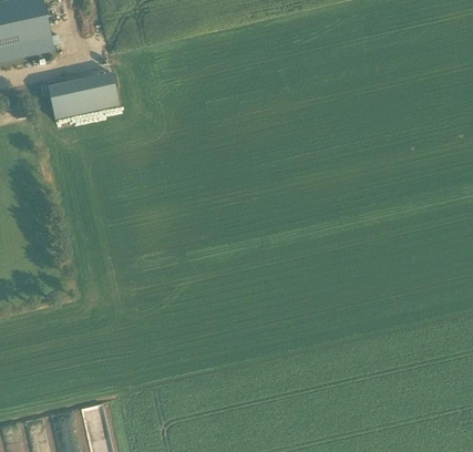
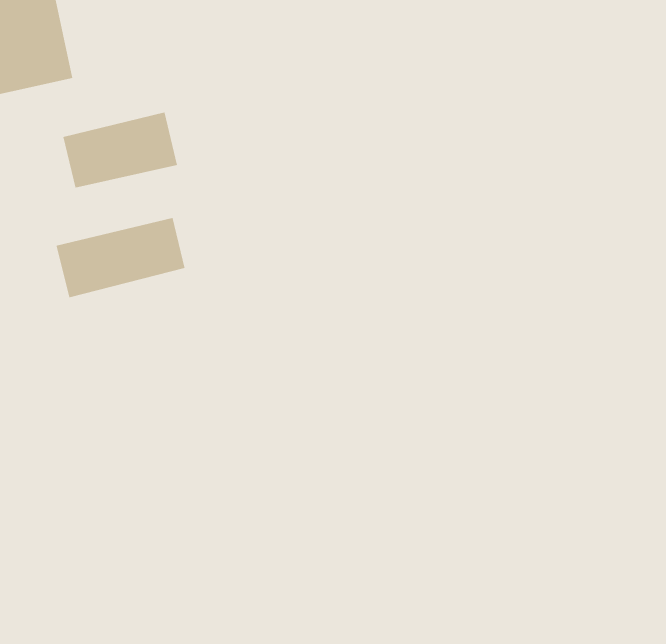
building: none -> [56,217,185,298]

